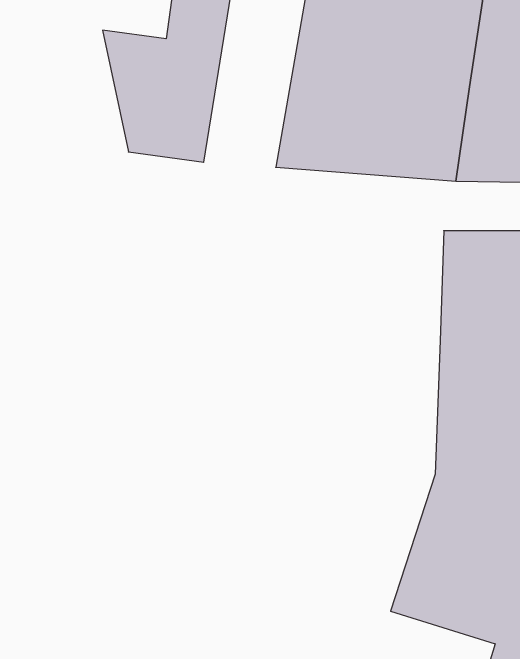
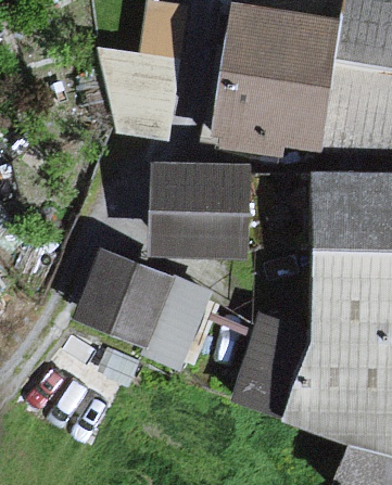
building: none -> [148,161,249,255]
building: none -> [75,253,207,363]

